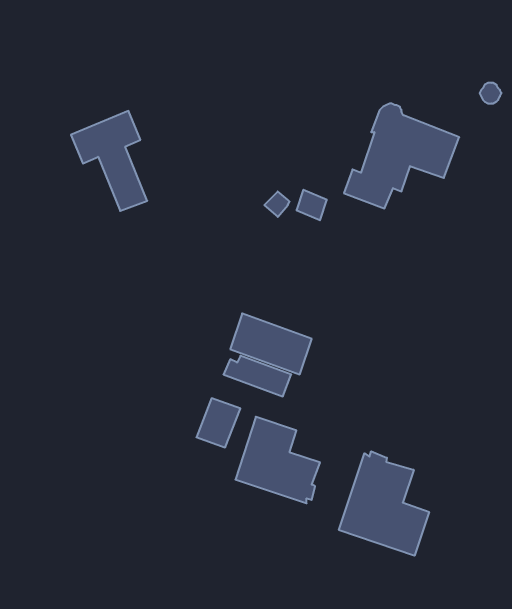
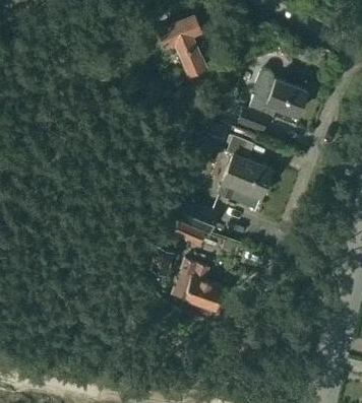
building: [71,111,147,211] -> [160,15,205,75]
building: none -> [219,136,273,198]
building: [339,451,429,556] -> none

